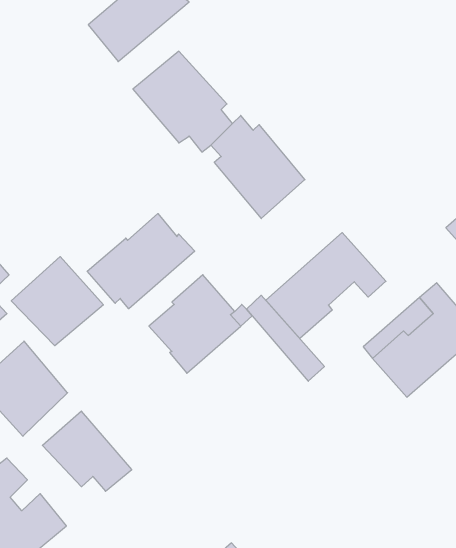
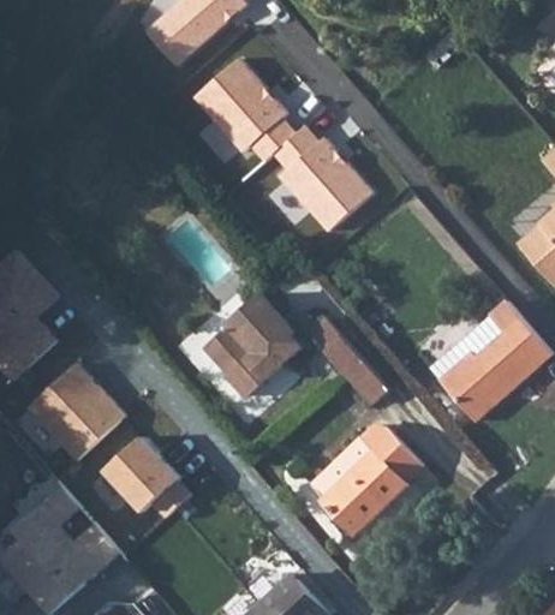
building: [87,214,195,309] -> none
building: [266,233,386,339] -> none
building: [11,257,103,346] -> none
building: none -> [312,424,423,535]

